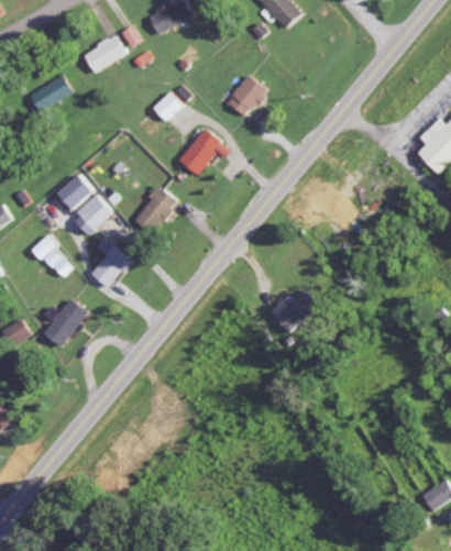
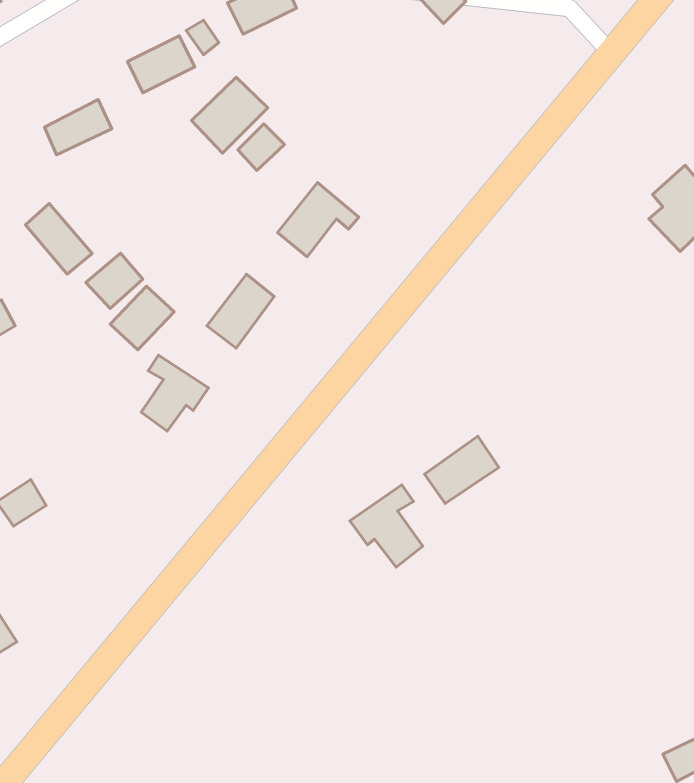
building: none -> [191,77,268,153]
building: [226,75,266,117] -> none
building: none -> [25,203,92,274]
building: [32,234,73,279] -> none
building: [43,299,87,348] -> none
building: none -> [350,485,423,567]

